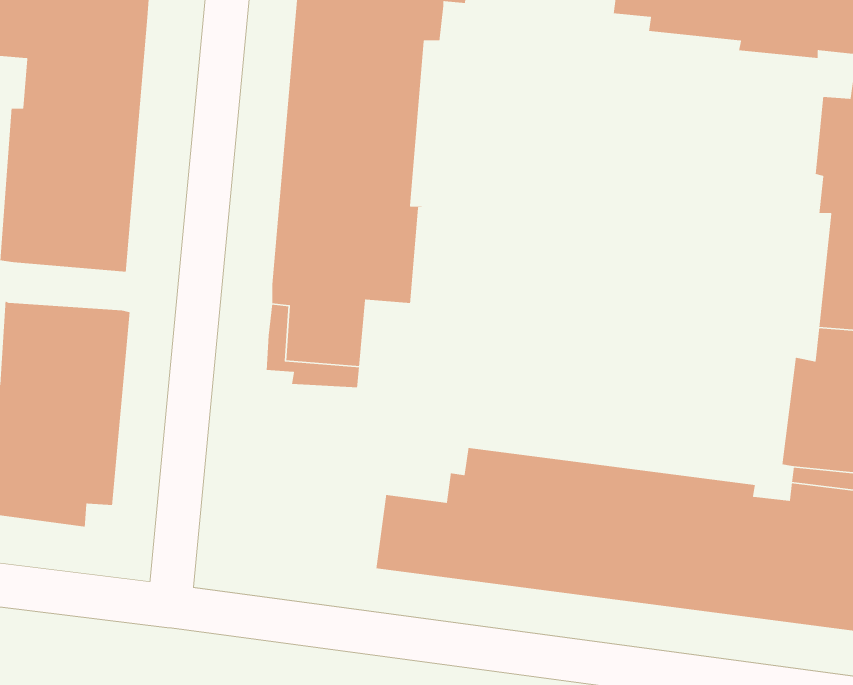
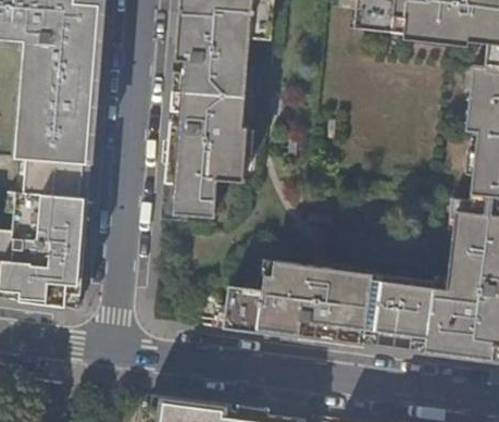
building: none -> [21,158,86,184]

